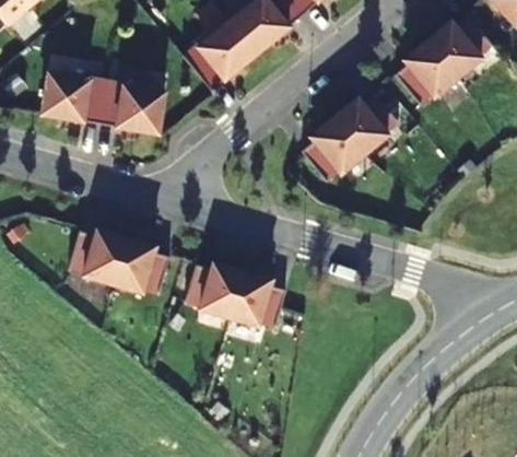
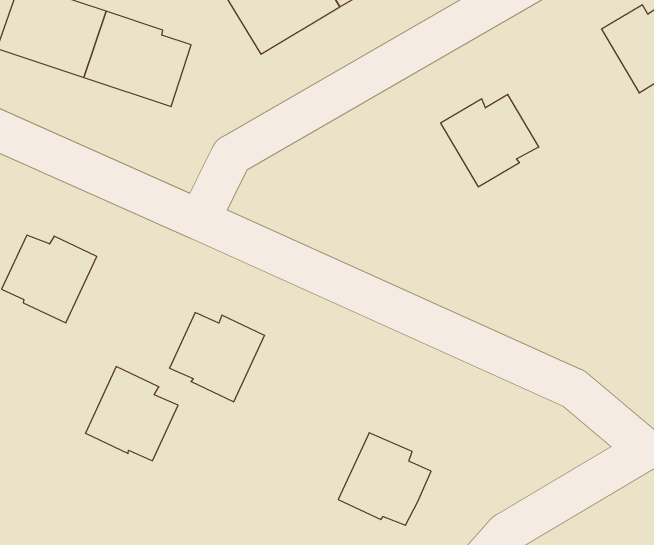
building: [395,40,458,105] -> none
building: [301,117,364,181] -> none
building: [113,237,169,294] -> [85,367,178,461]
building: [228,271,285,327] -> [338,433,431,525]

